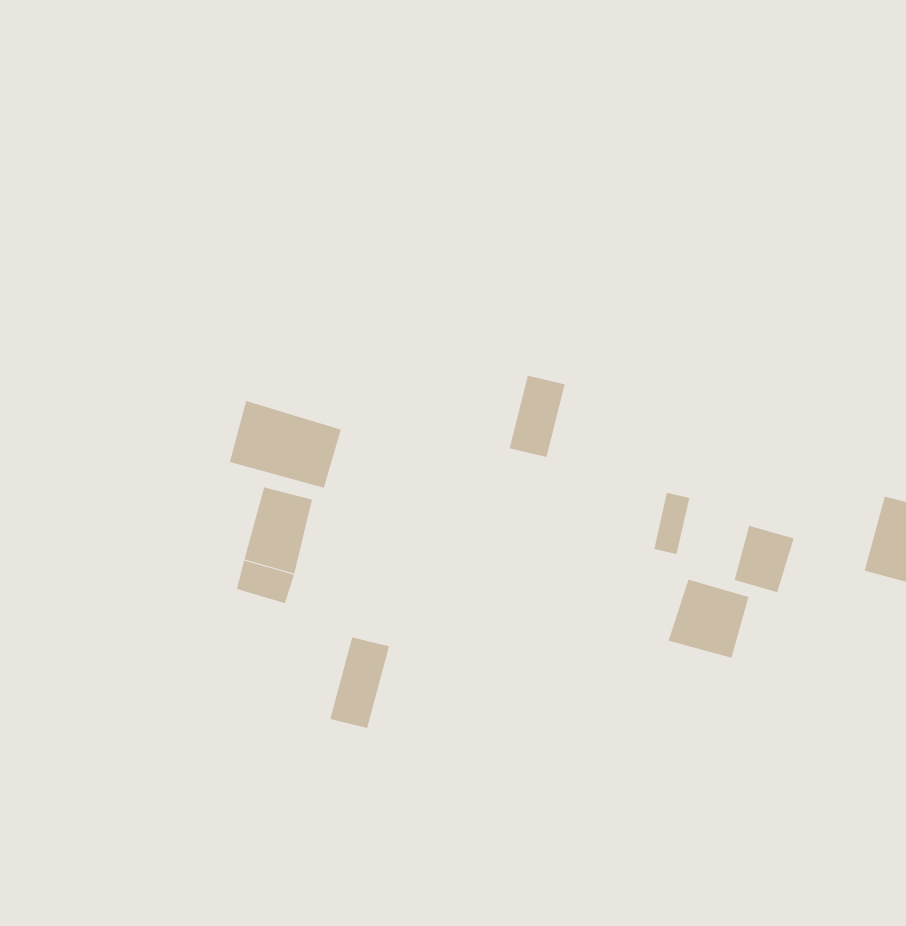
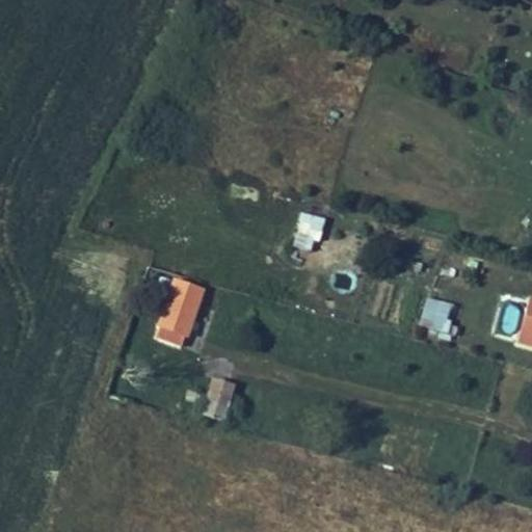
building: [229,400,342,489] -> none
building: [668,579,749,659] -> none

